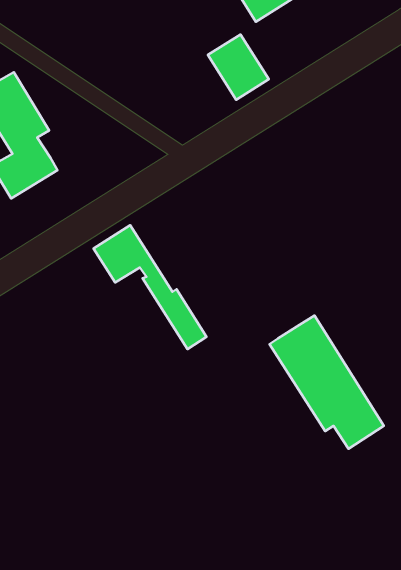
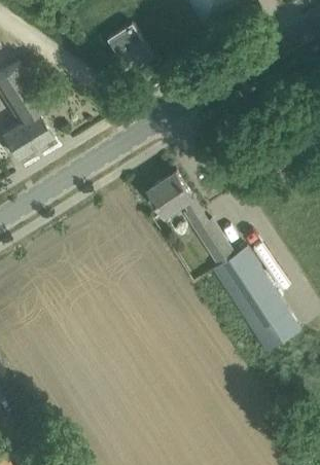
building: [208,34,269,100] -> [108,24,154,73]
building: [94,225,206,349] -> [148,172,234,265]

